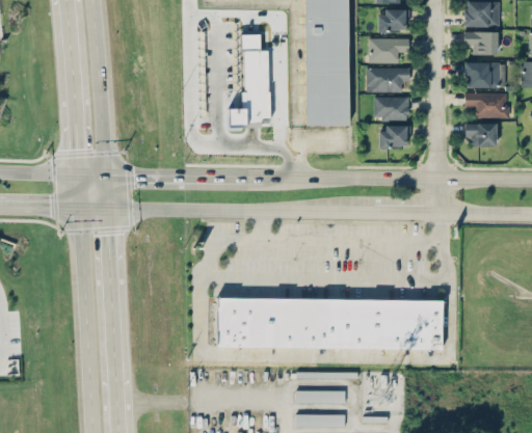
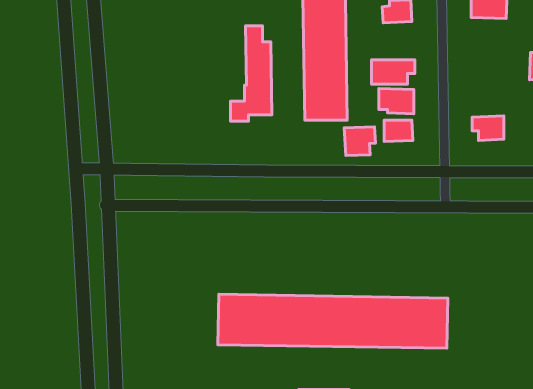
building: [464,31,499,54] -> none
building: [370,37,410,62] -> none
building: [466,62,507,87] -> none
building: [466,92,509,117] -> none
building: none -> [344,127,376,155]

